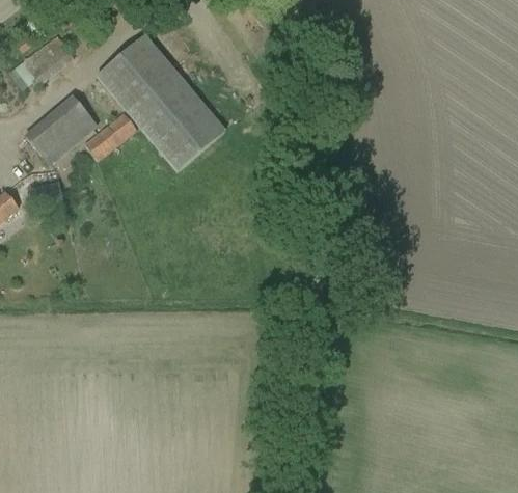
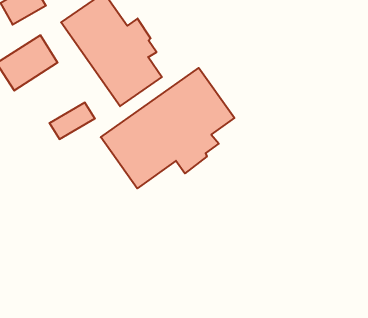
building: none -> [101,68,234,188]
building: [83,112,137,160] -> [49,103,95,139]

